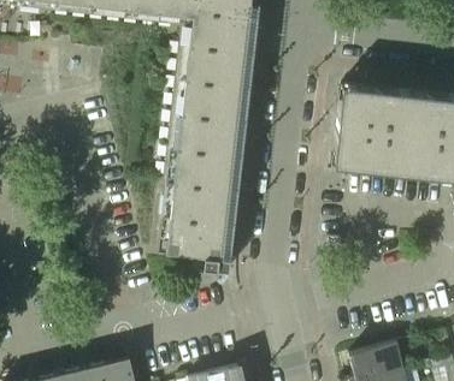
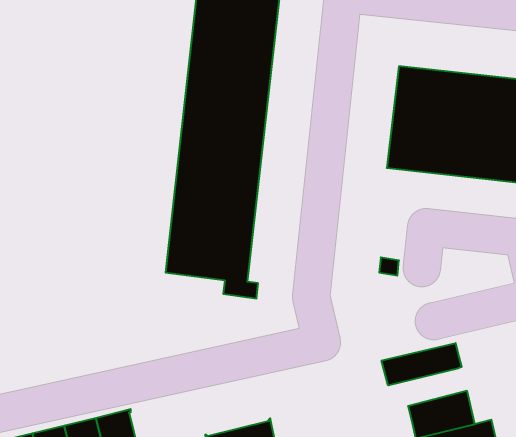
building: none -> [382,343,462,385]

